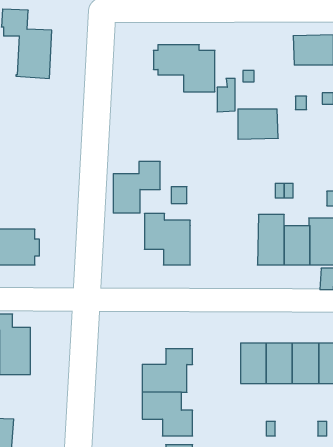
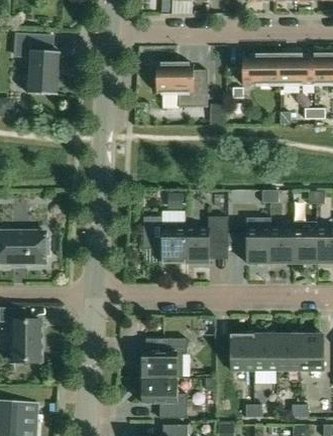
building: [238,109,278,139] -> [242,56,279,84]
building: [113,162,160,213] -> [185,216,227,263]

